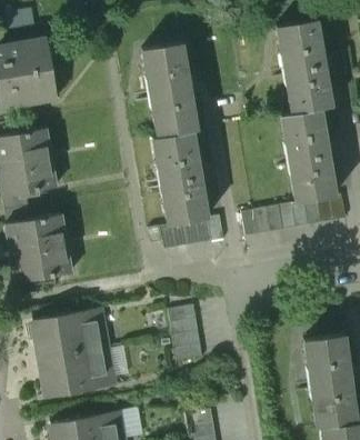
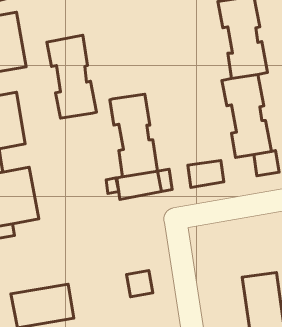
building: [141,41,198,136] -> [47,35,96,118]
building: [280,199,321,230] -> none
building: [168,304,198,336] -> none
building: [33,309,106,358] -> none

